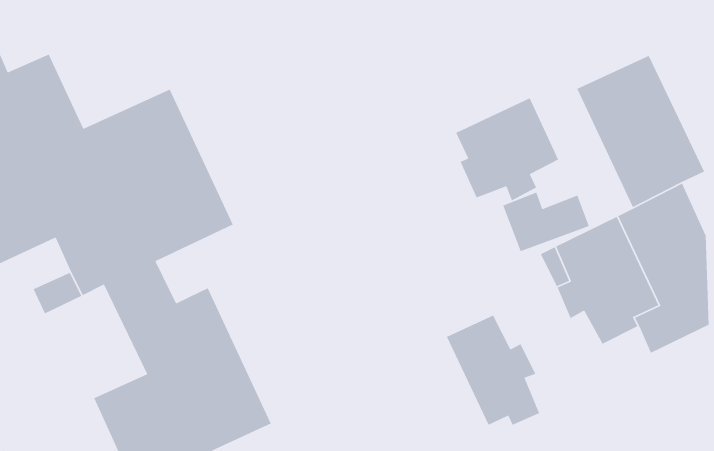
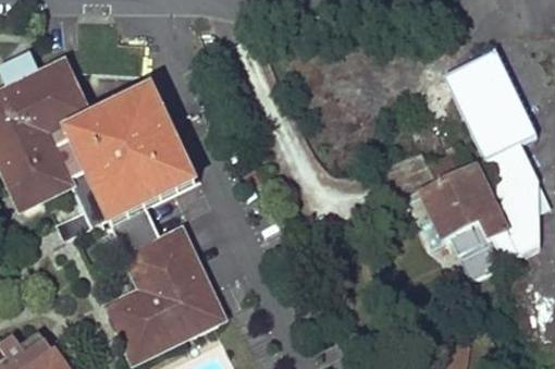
building: [455,97,559,202] -> none
building: [446,315,540,426] -> none

